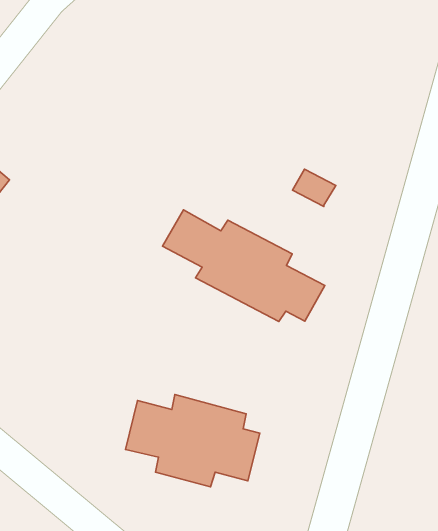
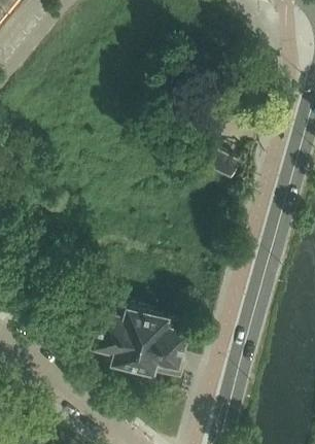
building: [163,210,325,322] -> none

